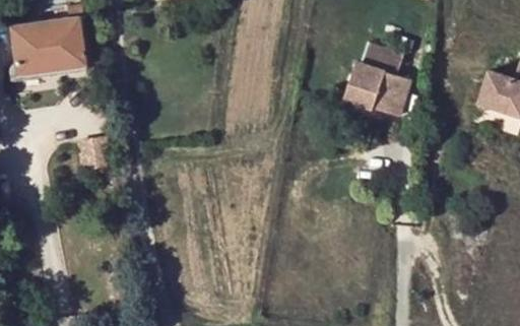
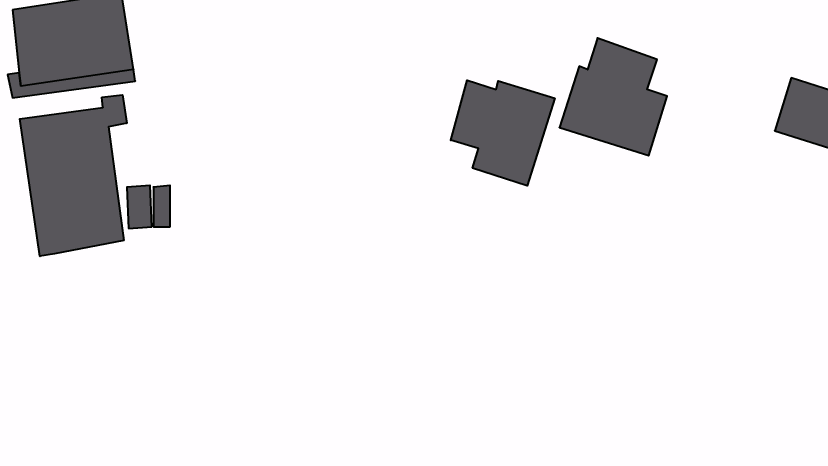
building: none -> [451,80,555,186]
building: none -> [20,95,127,256]

